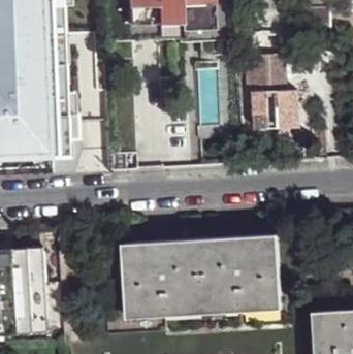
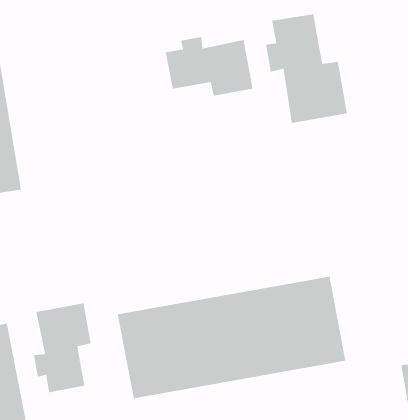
building: none -> [165,36,253,96]
building: none -> [33,303,92,393]

